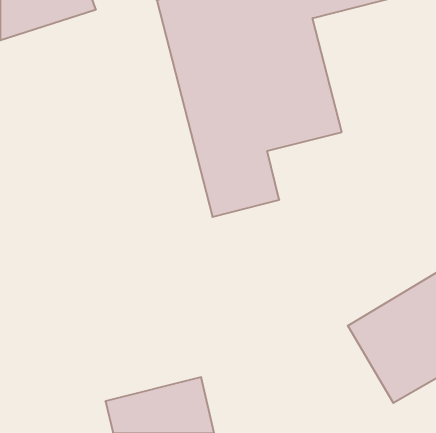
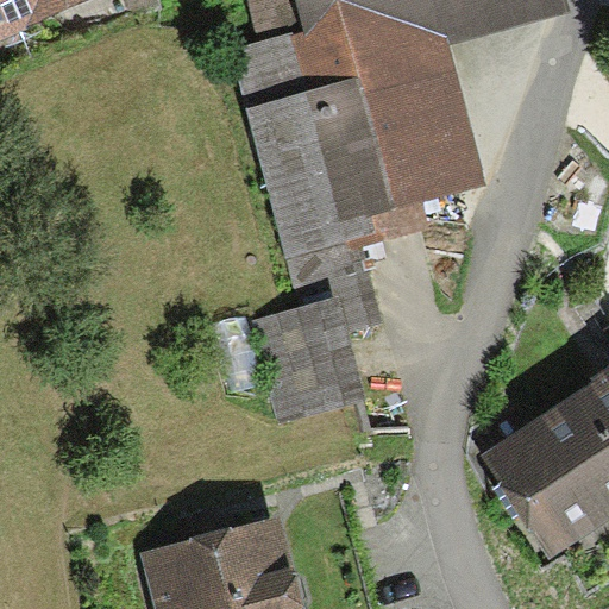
building: none -> [264,296,358,404]

